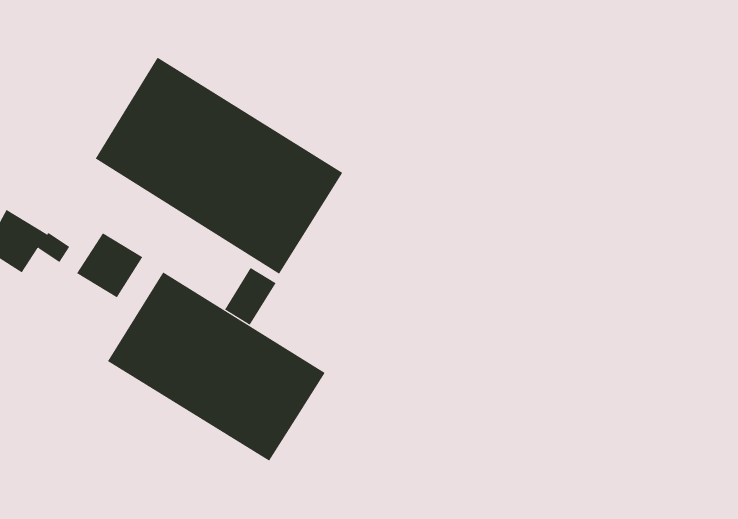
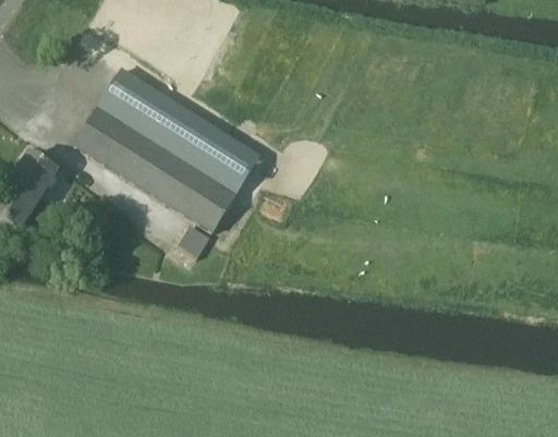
building: [76,232,143,298] -> [8,151,58,201]
building: [107,271,326,462] -> none

